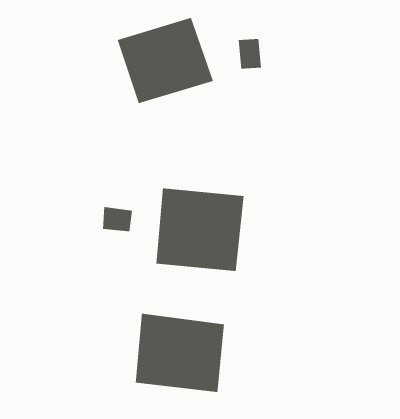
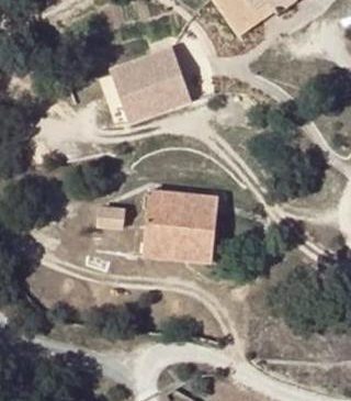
building: [135,313,224,393] -> none

